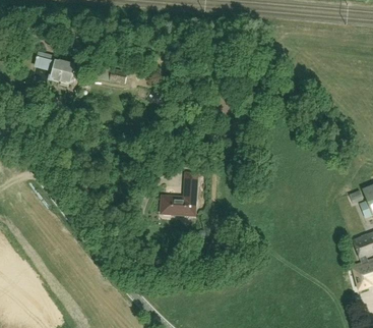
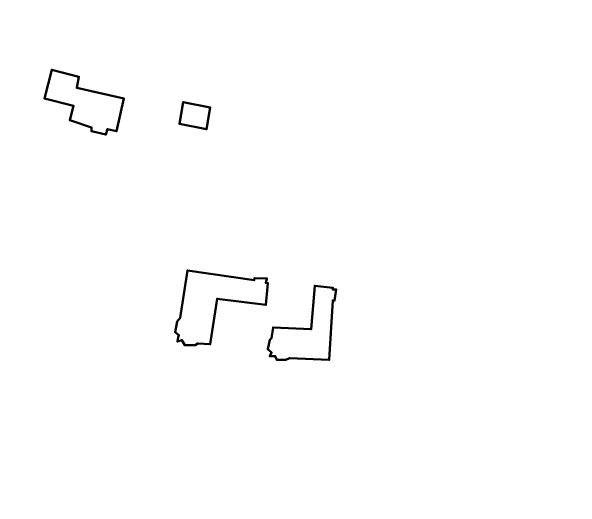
building: none -> [175,270,268,345]

